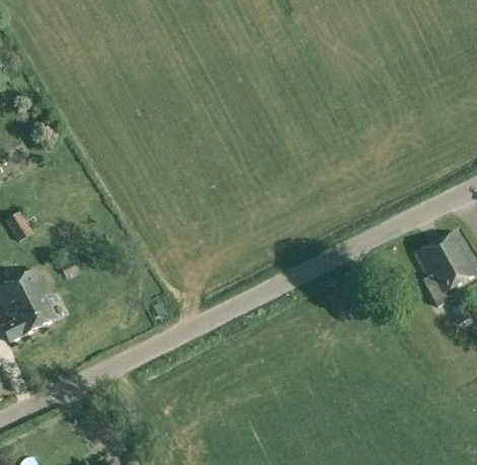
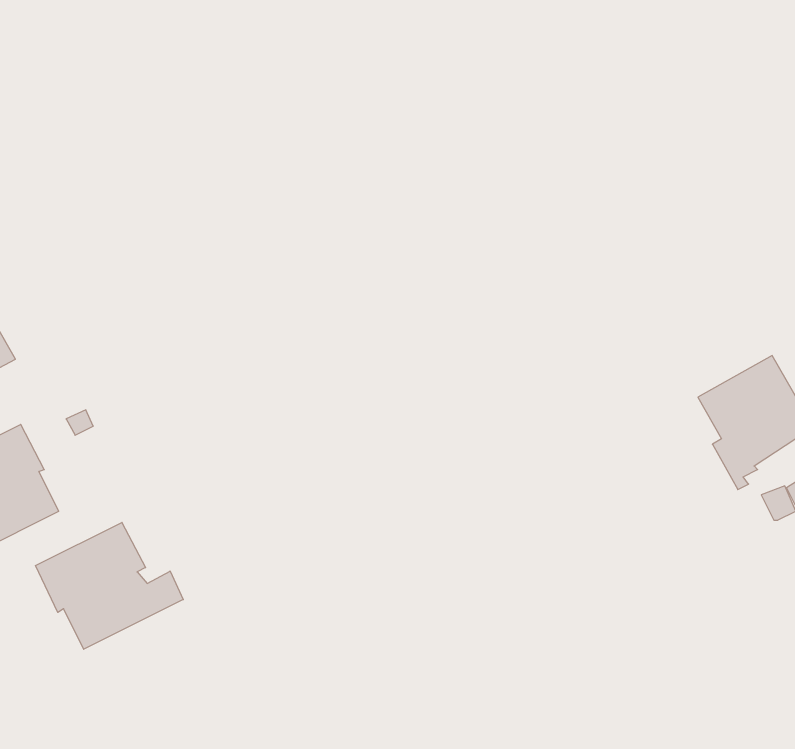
building: none -> [35,522,183,649]

